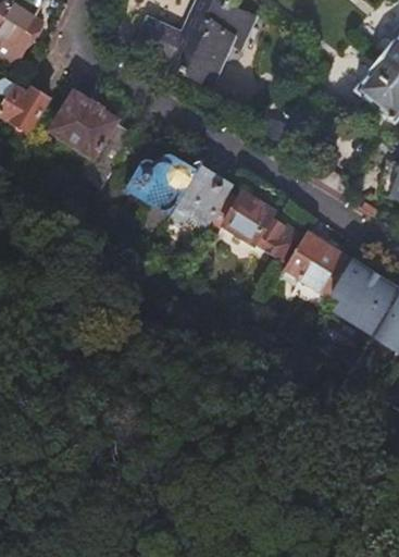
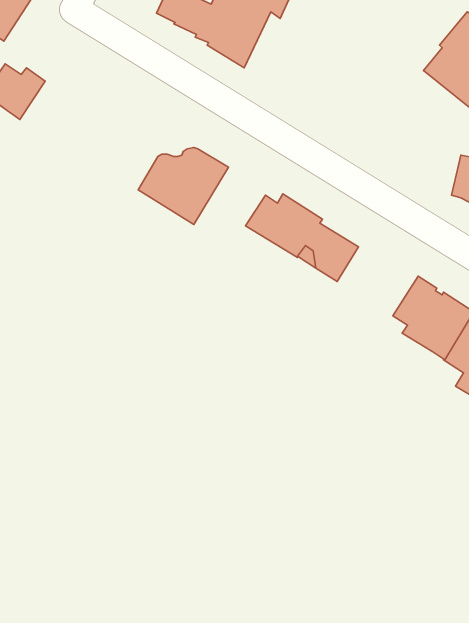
building: [48,91,132,186] -> none
building: [166,164,230,237] -> none
building: [282,231,351,296] -> none

